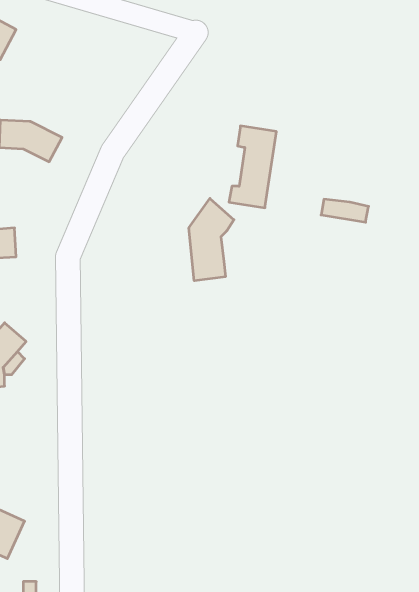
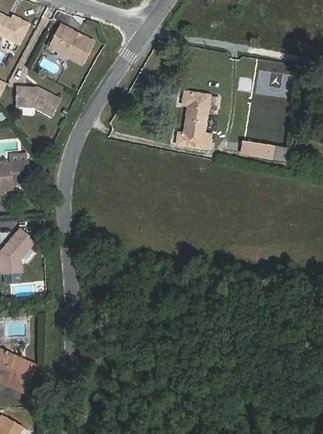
building: none -> [48,23,93,63]
building: [189,198,234,281] -> none

